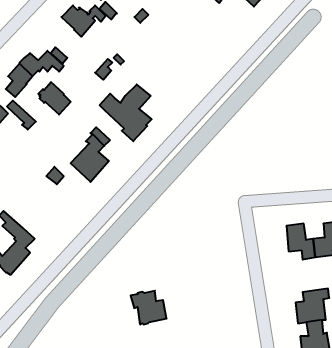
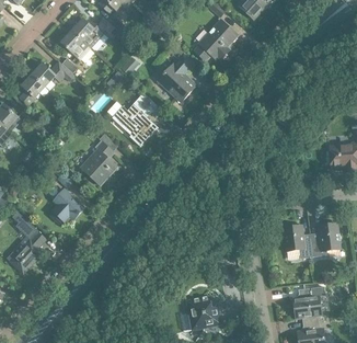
building: none -> [194,19,237,59]
building: none -> [157,50,195,101]
building: [38,82,71,115] -> [59,28,90,59]
building: none -> [49,188,83,224]
building: [131,291,167,324] -> [186,296,220,328]

